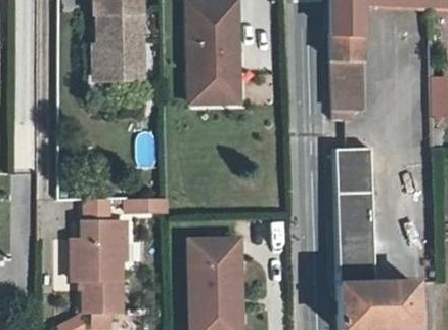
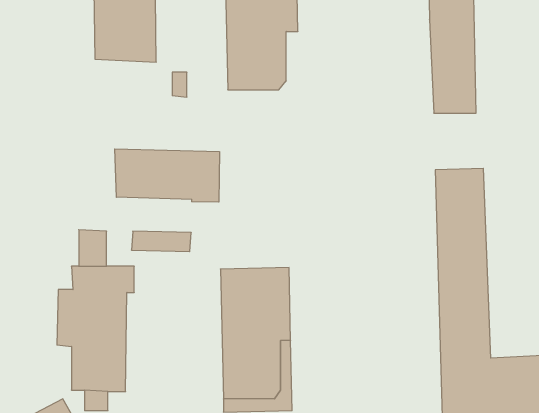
building: [190,53,240,104] -> none
building: none -> [115,149,219,202]

